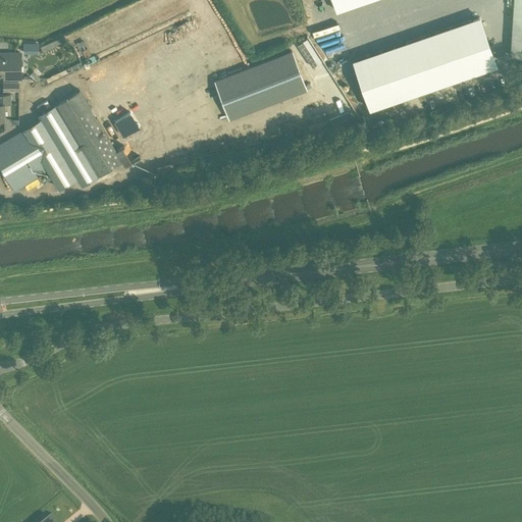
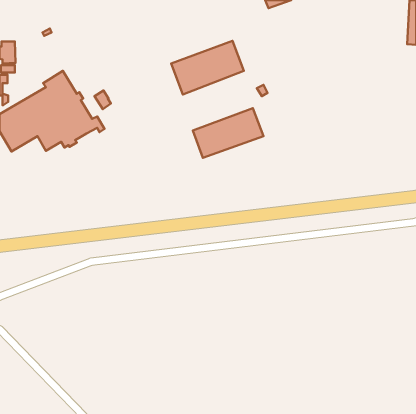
building: [353,19,495,111] -> none
building: none -> [193,108,263,158]

